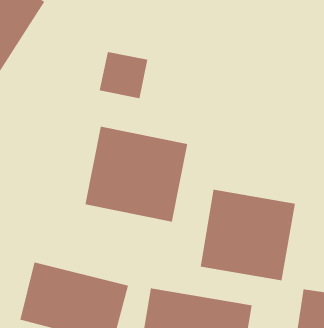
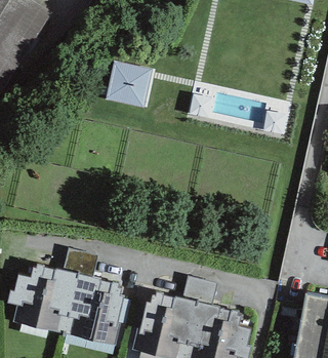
building: [85,126,188,223] -> none
building: [200,189,296,281] -> none

